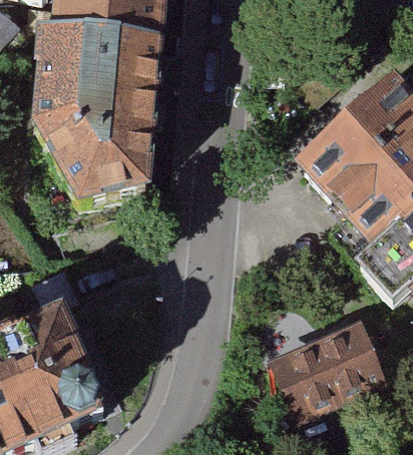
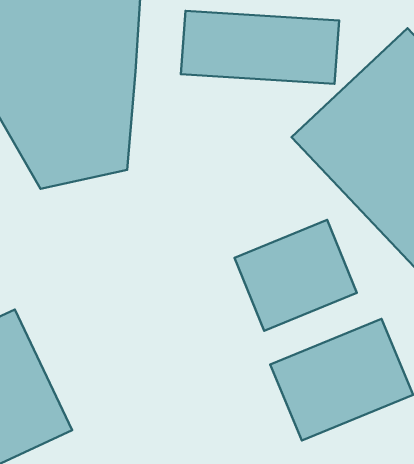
building: none -> [181,11,339,84]
building: none -> [234,220,357,331]

